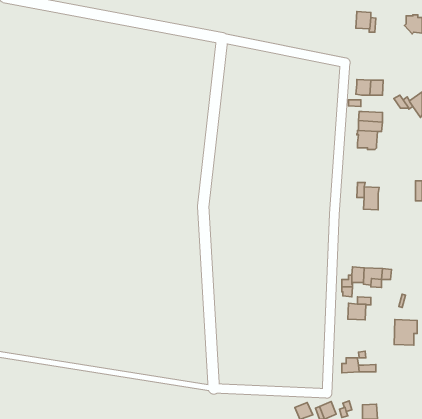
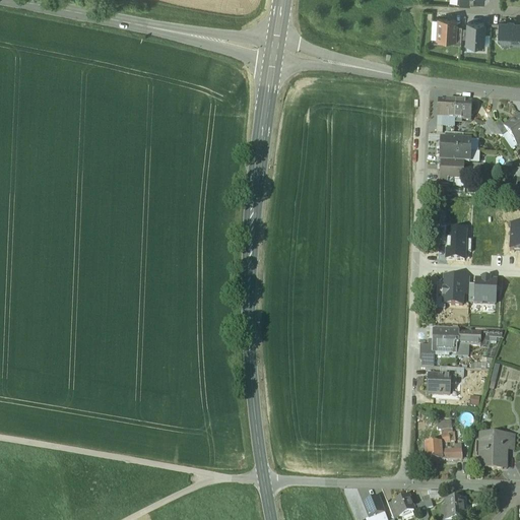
building: none -> [467,18,484,42]
building: none -> [444,275,463,303]
building: none -> [475,276,496,301]
building: [394,320,417,345] -> [478,435,507,466]

